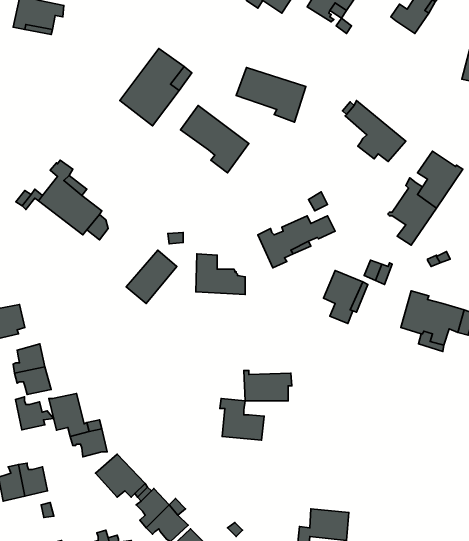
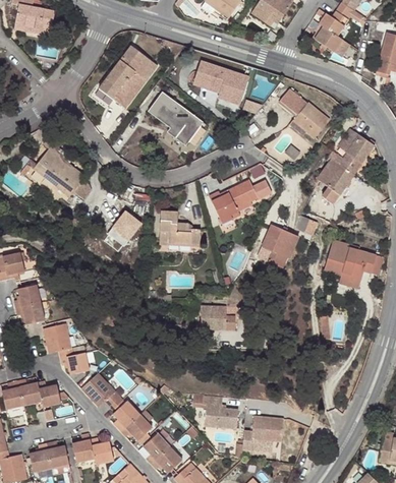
building: none -> [313,24,342,51]
building: [16,397,54,430] -> [38,380,68,407]
building: [220,398,264,440] -> [203,395,238,428]

